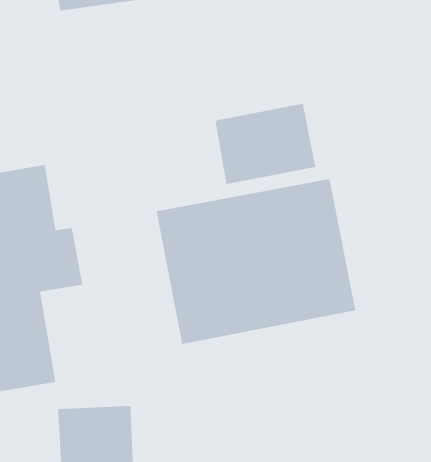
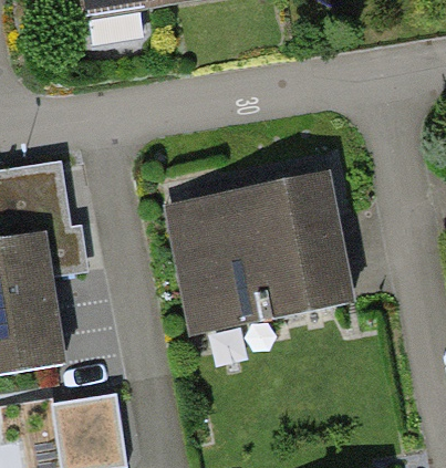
building: [215,103,316,185] -> none

